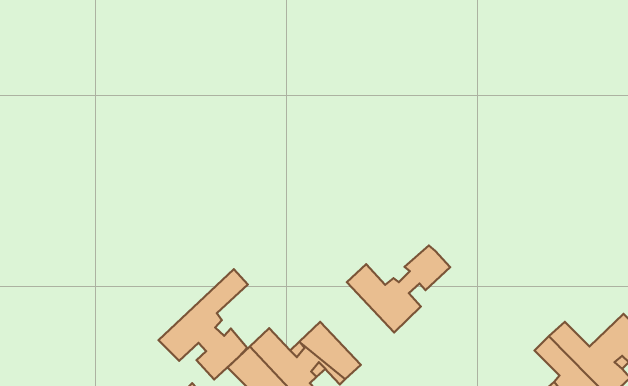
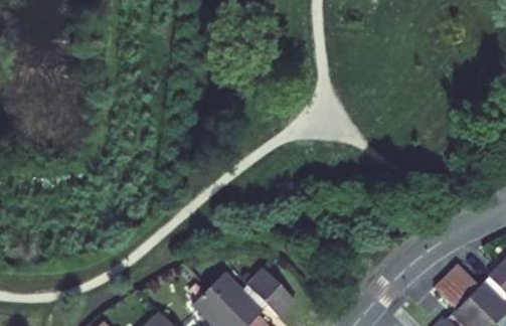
building: [347,245,450,332] -> none
building: [158,269,248,380] -> none

